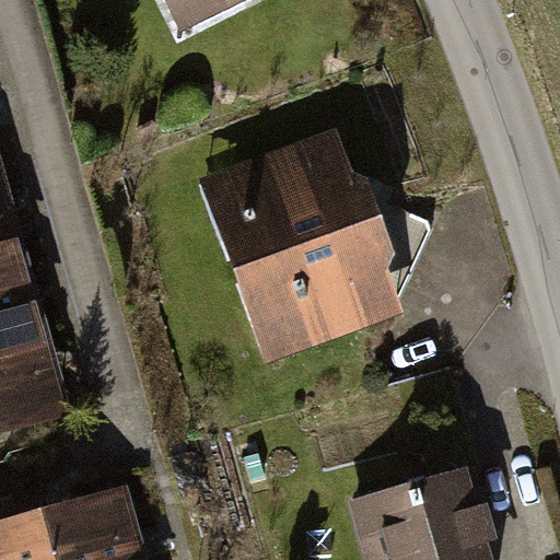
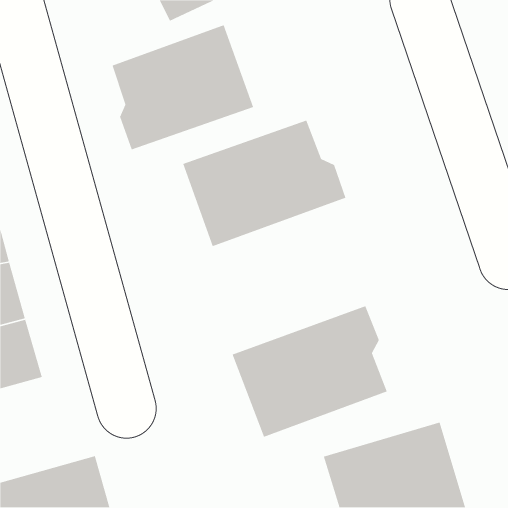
building: none -> [111,24,254,151]
building: [233,218,405,363] -> [231,305,388,438]

